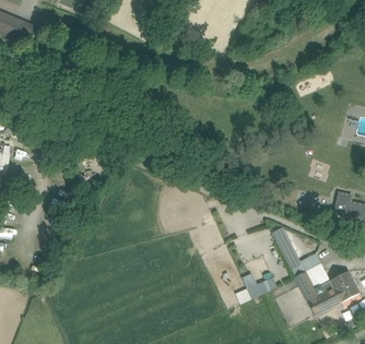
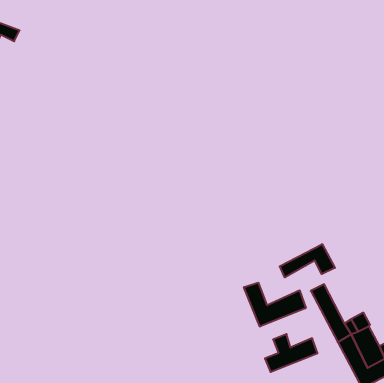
building: none -> [280,244,335,277]
building: none -> [244,283,306,327]

